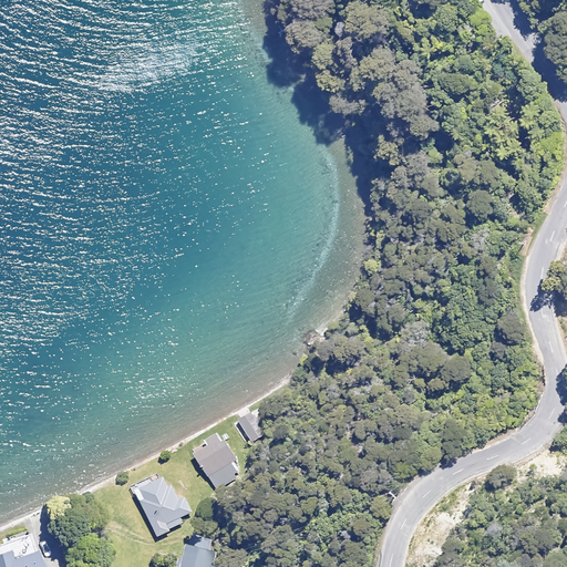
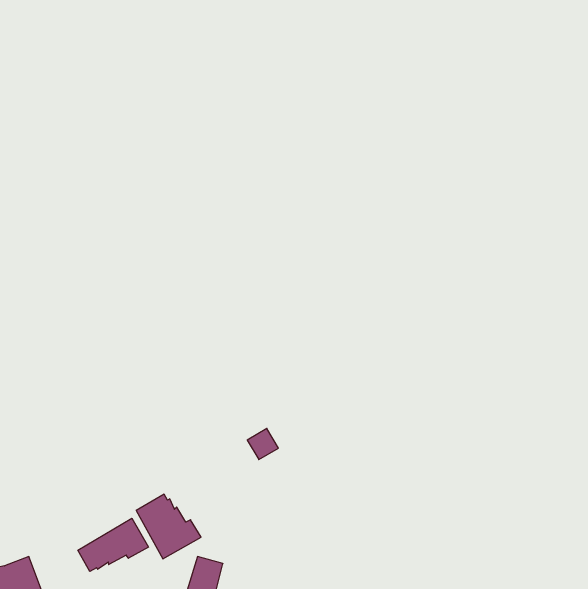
building: [190,434,240,489] -> none
building: none -> [78,518,148,571]

